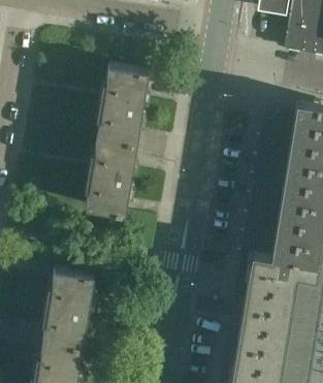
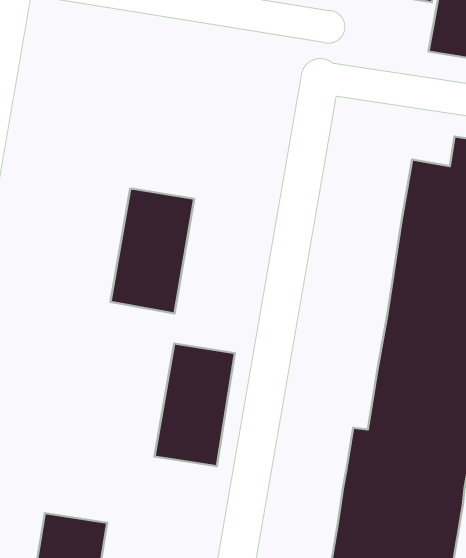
building: [99,64,151,141] -> none
building: [45,268,96,346] -> [155,343,235,466]

